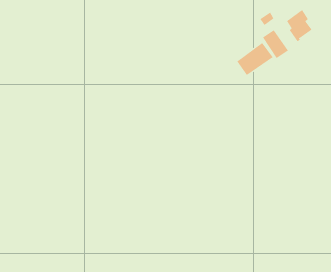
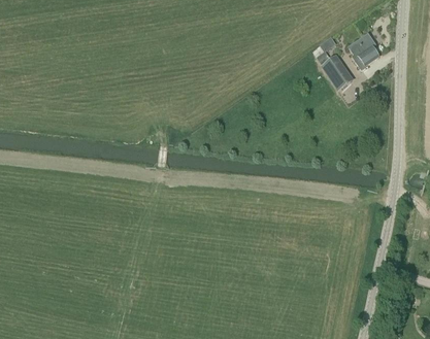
building: [237,42,274,76] -> none

